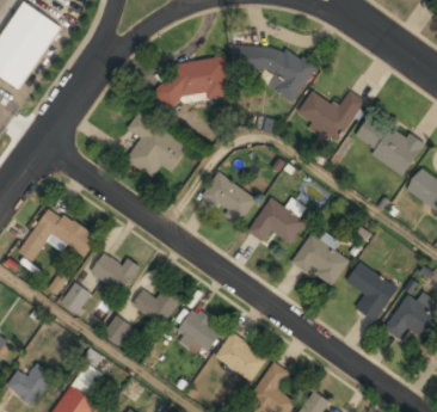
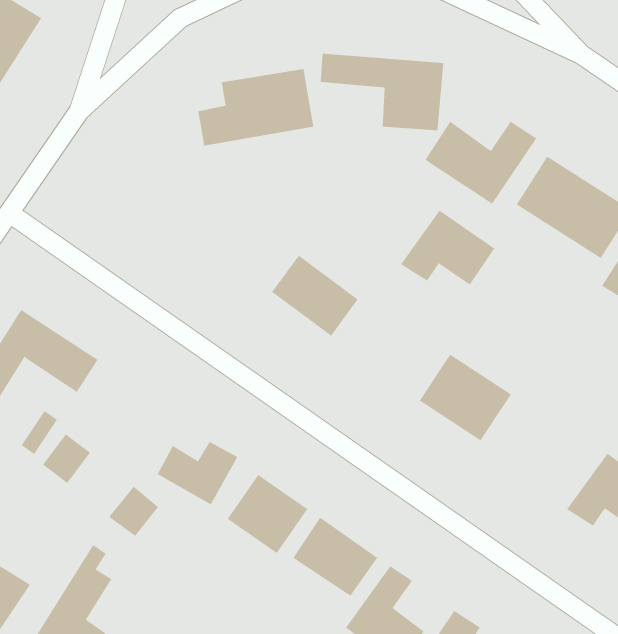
building: [125,112,187,178] -> none
building: [247,198,306,245] -> [400,210,495,285]
building: [90,252,141,295] -> none
building: [345,263,398,322] -> none

